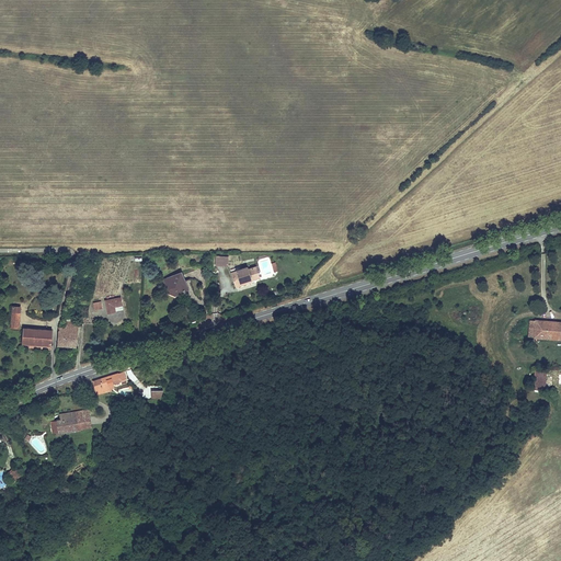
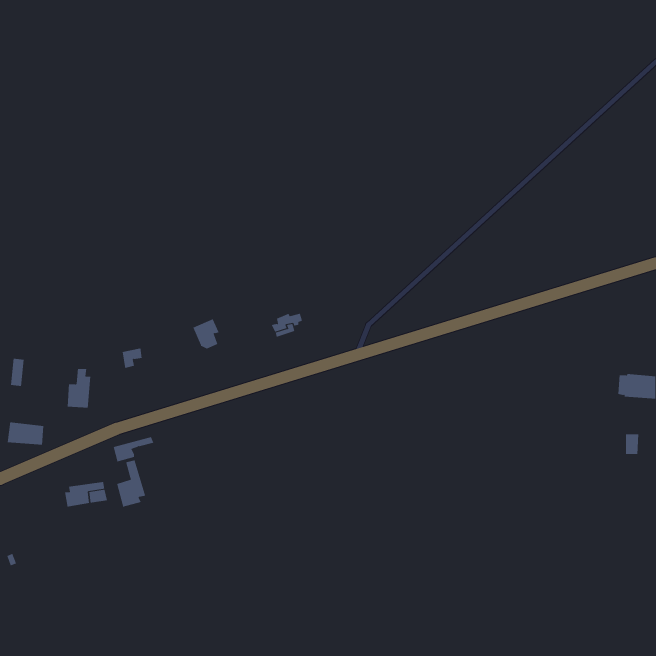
building: [20,328,51,347] -> [7,422,44,445]
building: none -> [116,459,146,507]

